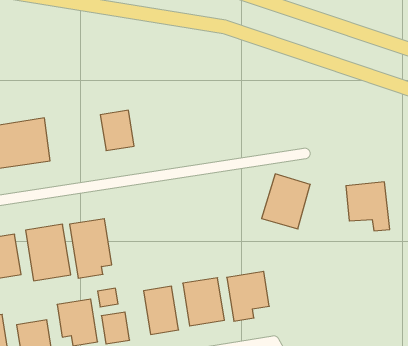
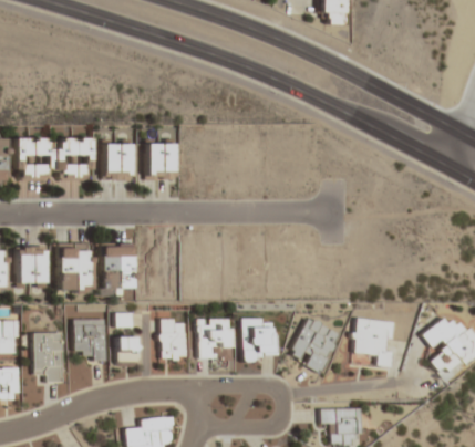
building: none -> [101,143,132,178]
building: [262,174,310,229] -> [289,316,341,373]
building: [346,182,390,231] -> [354,319,394,367]

